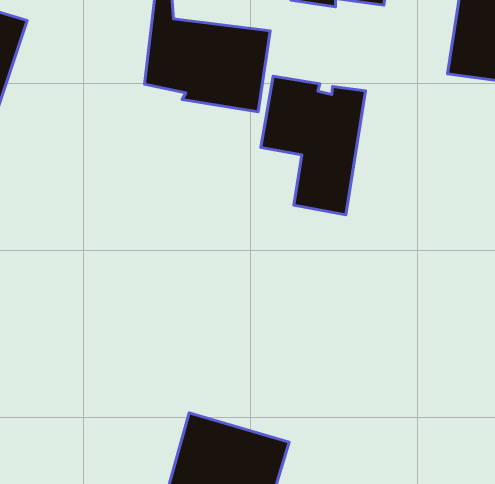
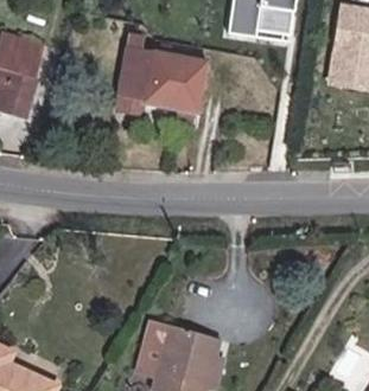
building: [261,76,365,215] -> none

